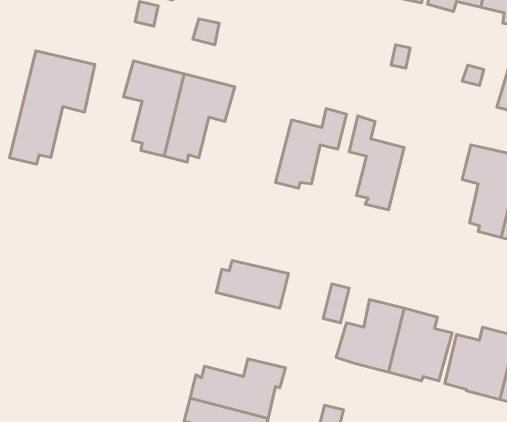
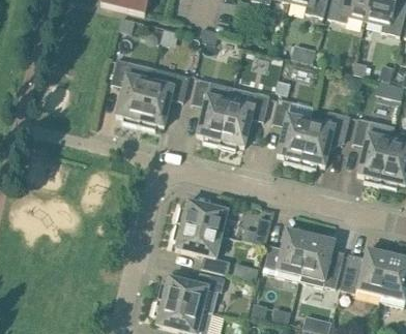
building: [10,51,95,164] -> none
building: none -> [191,78,235,144]
building: none -> [299,110,350,168]
building: none -> [172,222,229,273]

